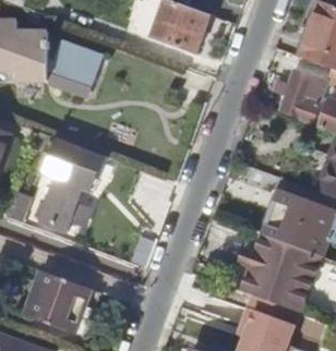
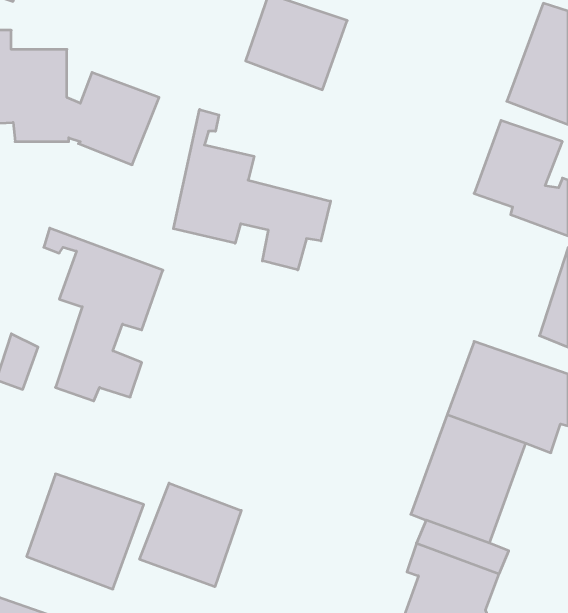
building: none -> [173,109,331,270]
building: none -> [140,483,241,587]

